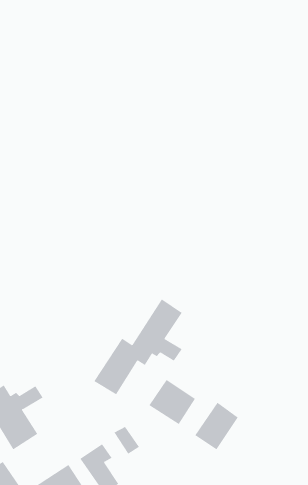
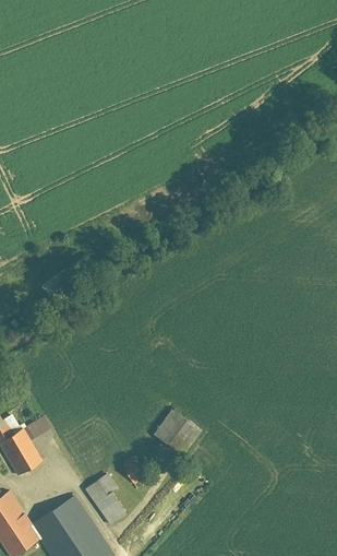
building: [94,299,182,395] -> none
building: [195,402,239,450] -> none

